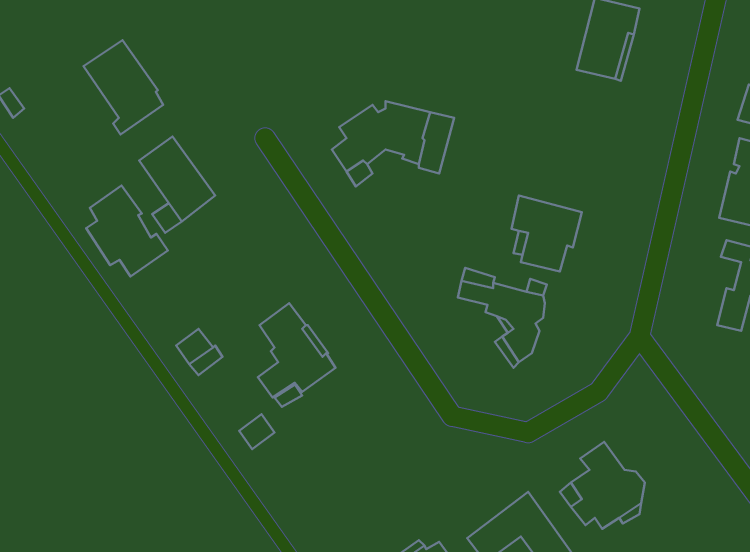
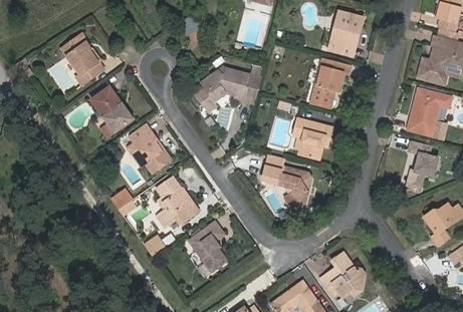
building: none -> [310,58,351,108]
building: [86,186,168,276] -> [128,124,172,174]
building: none -> [188,221,228,273]

